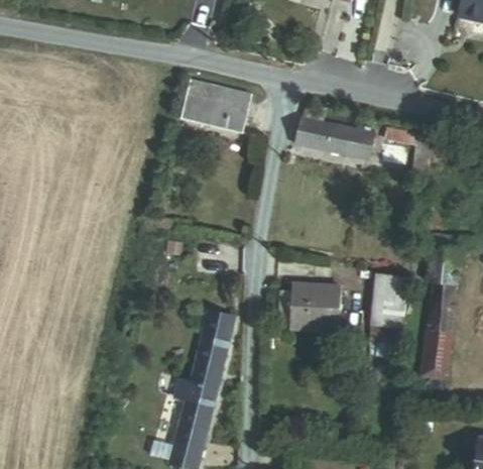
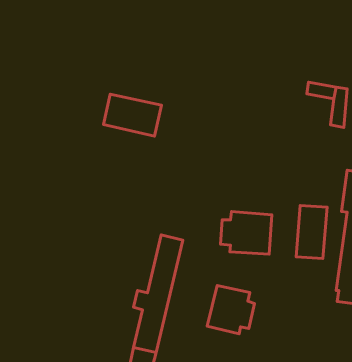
building: [183,81,252,131] -> [103,94,161,136]
building: [296,102,376,160] -> none
building: none -> [207,286,255,334]

